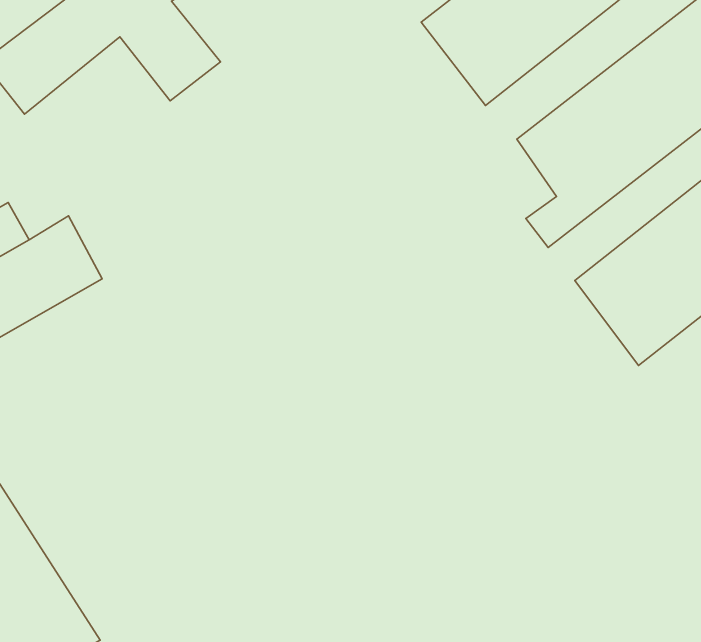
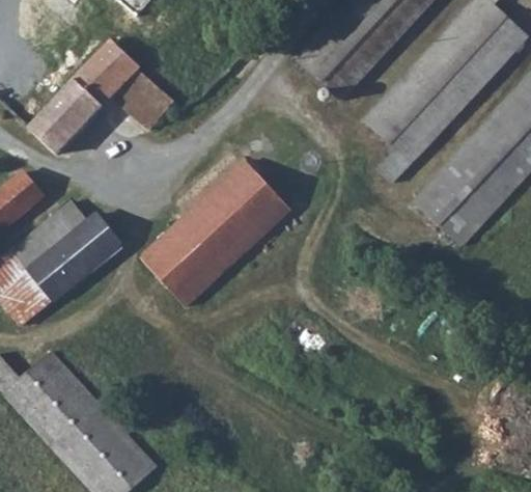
building: none -> [140,160,292,308]

